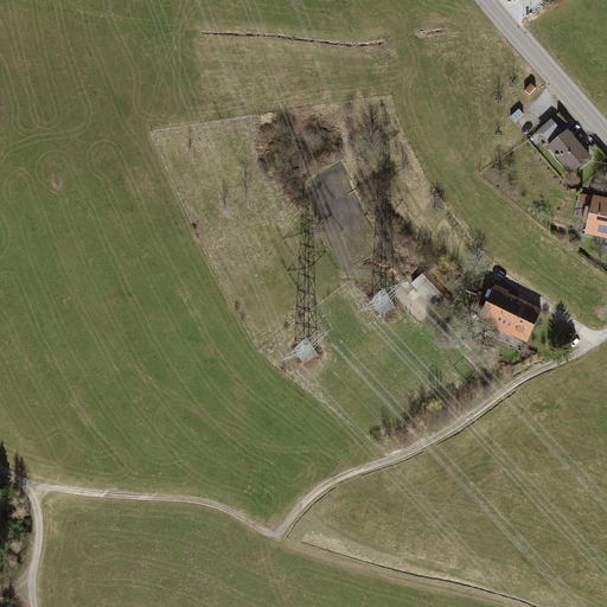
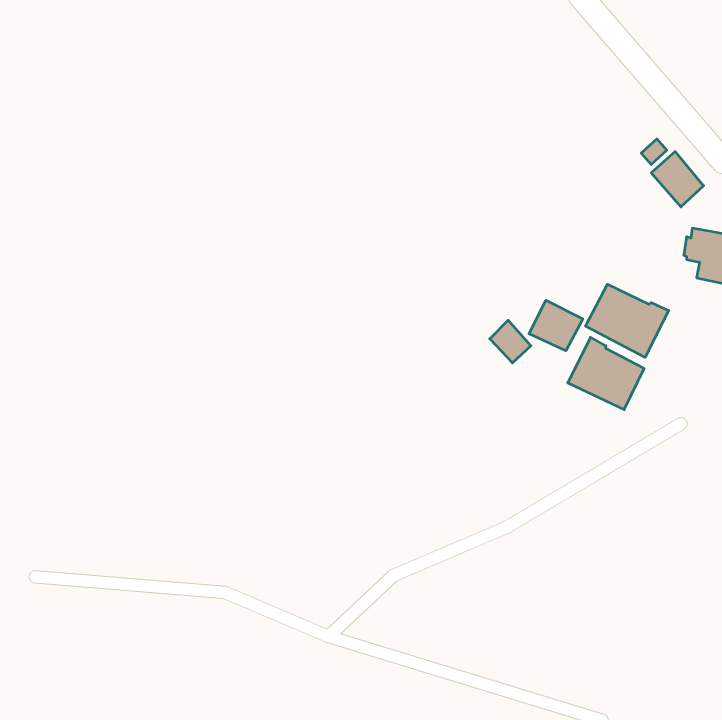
building: none -> [586,284,669,357]
building: none -> [529,300,583,351]

